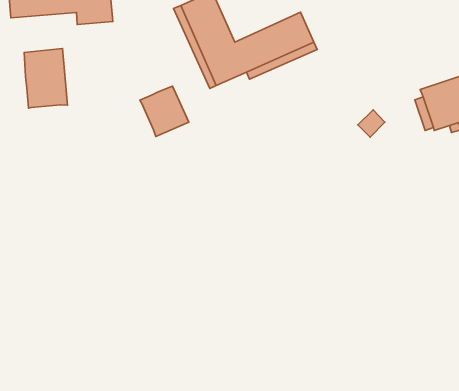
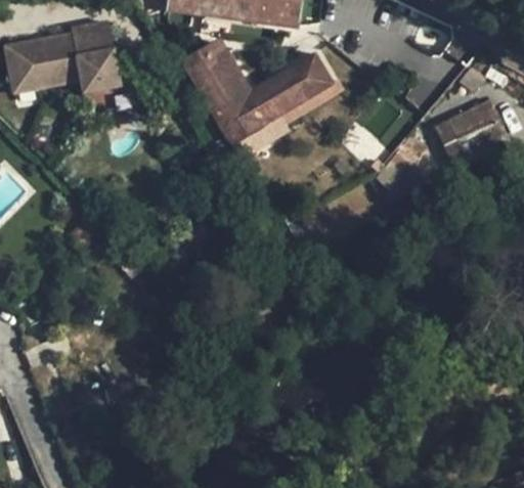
building: [24,48,68,108] -> none
building: [140,86,189,137] -> none

